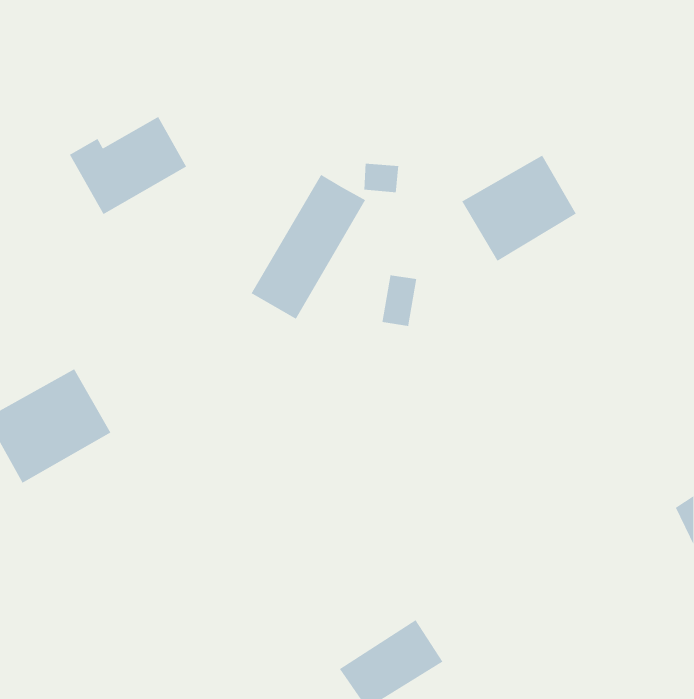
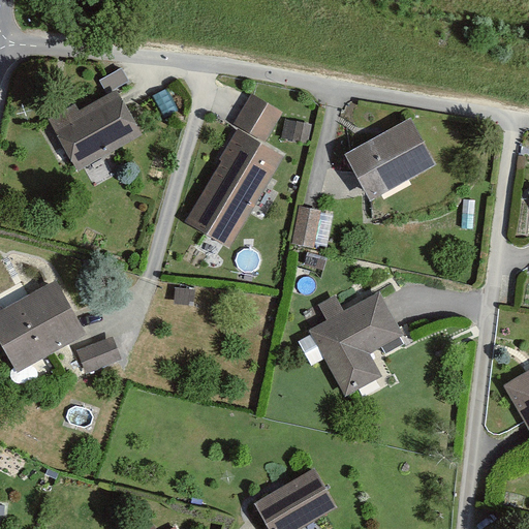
building: none -> [226,95,274,144]
building: none -> [311,293,399,397]
building: none -> [68,336,113,374]

